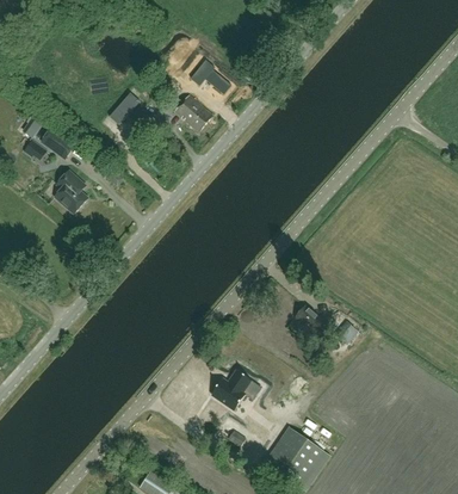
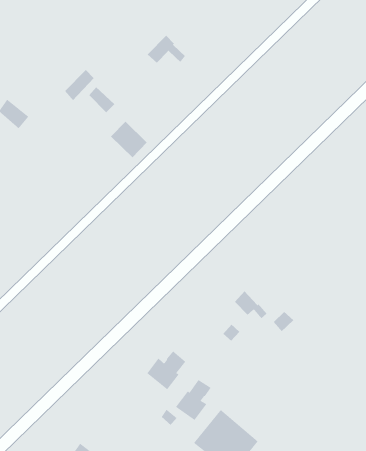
building: [174,95,212,132] -> [110,121,148,158]
building: [54,172,87,215] -> none
building: none -> [175,379,212,421]

